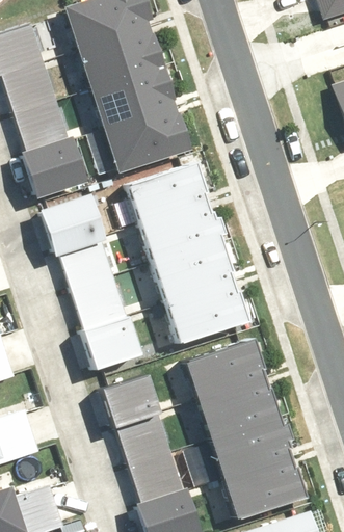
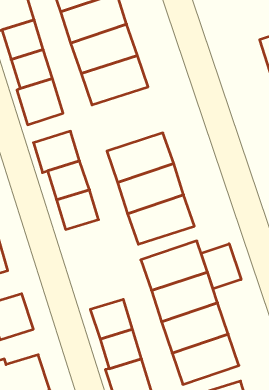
building: [124,163,208,225] -> none
building: [81,312,140,369] -> none
building: none -> [201,244,241,289]
building: [99,376,158,427] -> none

